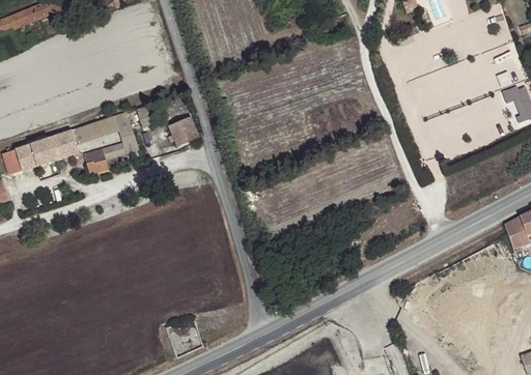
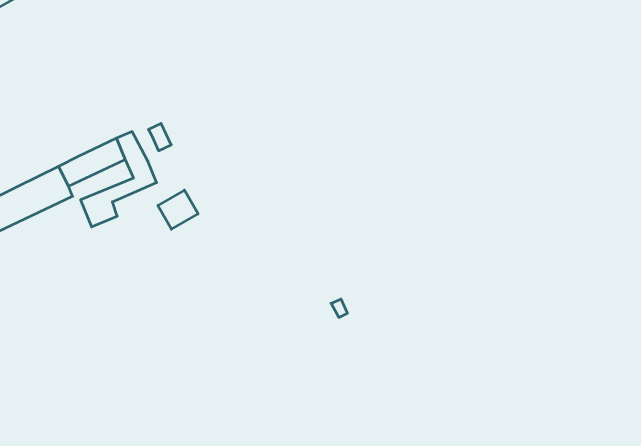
building: [169,118,196,144] -> [158,190,198,229]

